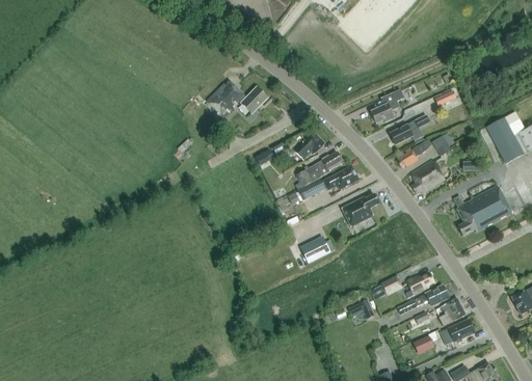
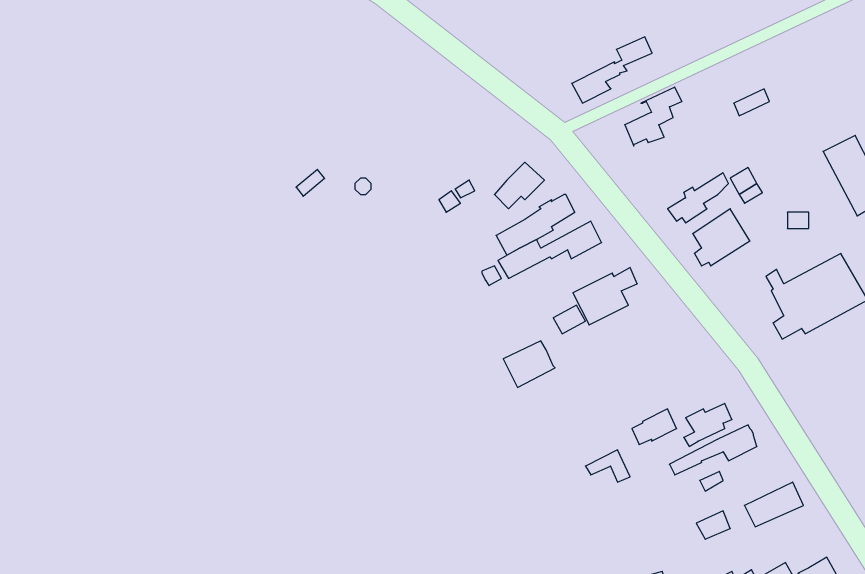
building: [207,79,267,116] -> none
building: [390,105,436,143] -> [572,37,652,103]
building: [438,297,466,325] -> none

